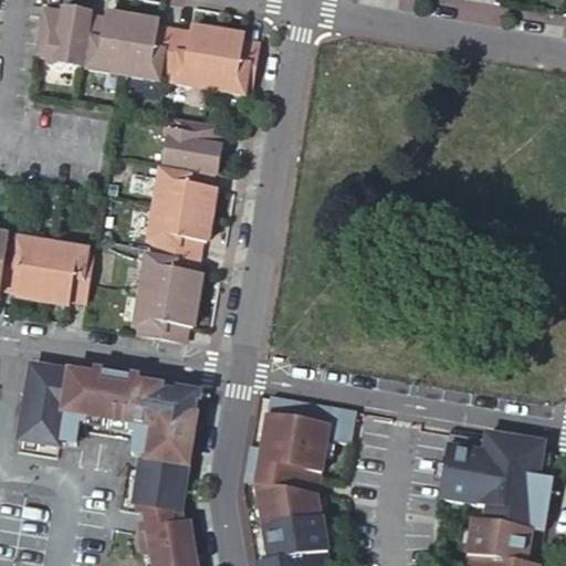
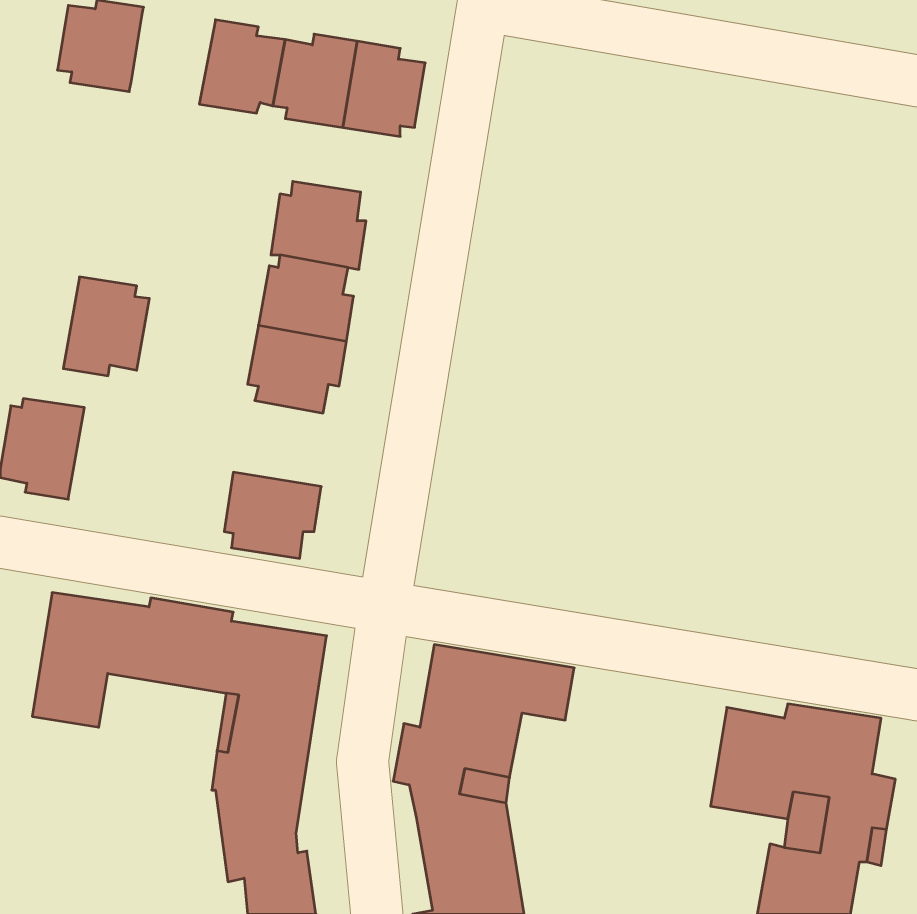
building: [81,7,133,64] -> none
building: [144,247,203,300] -> none
building: [42,251,95,312] -> [63,277,149,376]

